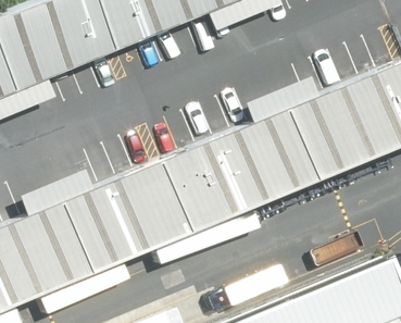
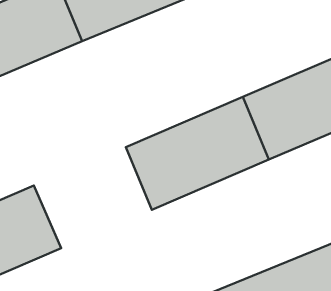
building: [63,161,190,270] -> none

